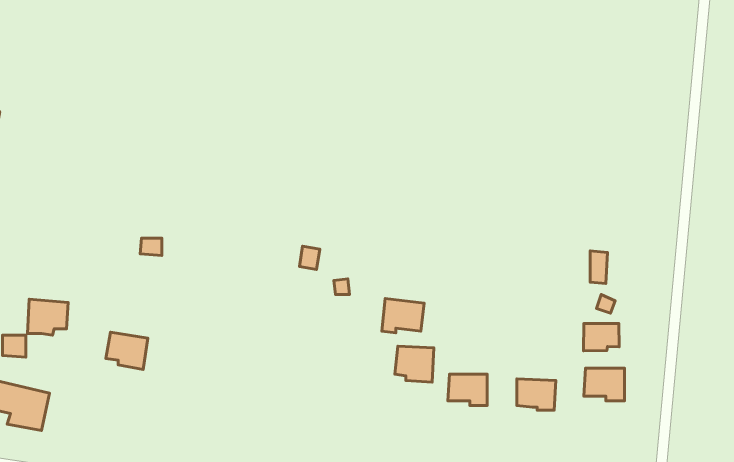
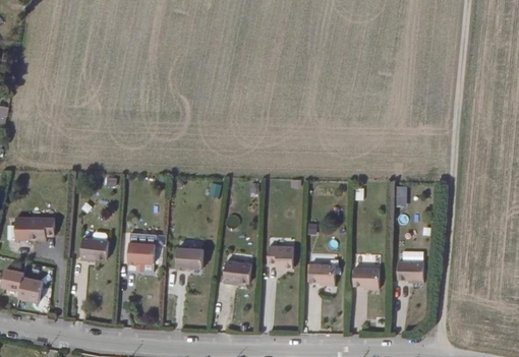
building: [382,298,424,333] -> [224,260,251,283]
building: [583,323,619,351] -> none
building: none -> [128,242,157,264]
building: none -> [177,249,198,271]

